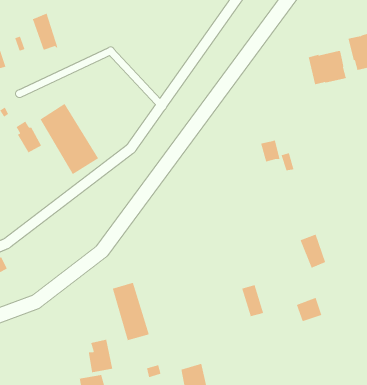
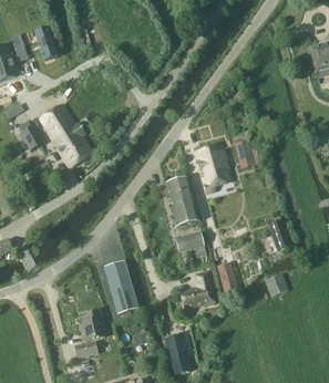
building: [308,49,347,85] -> none
building: none -> [194,147,230,192]
building: none -> [166,179,199,227]
building: none -> [175,232,207,257]
building: none -> [182,272,215,309]

